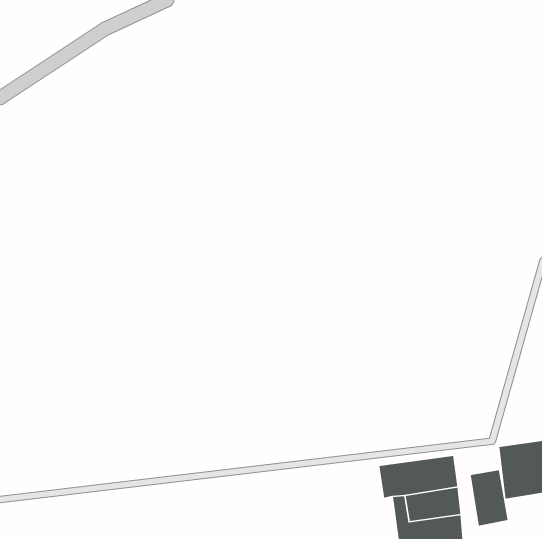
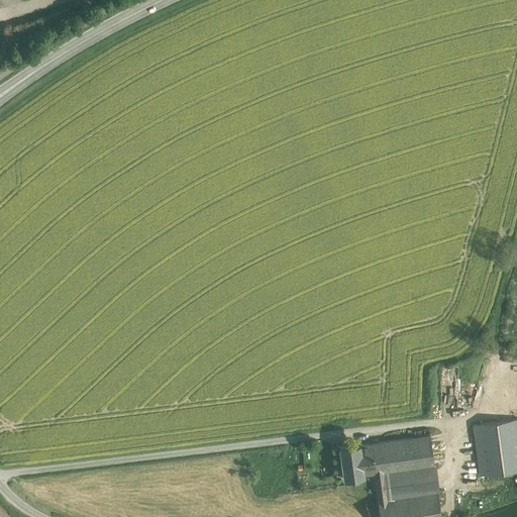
building: none -> [339,446,366,481]
building: [470,470,509,527] -> none

